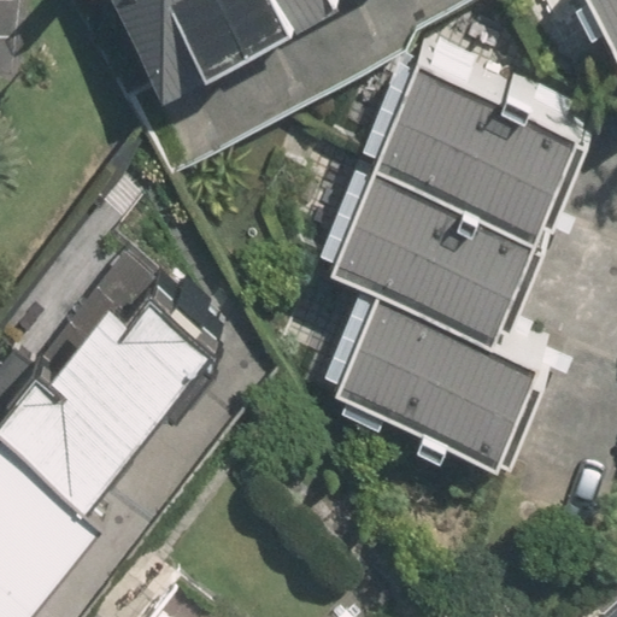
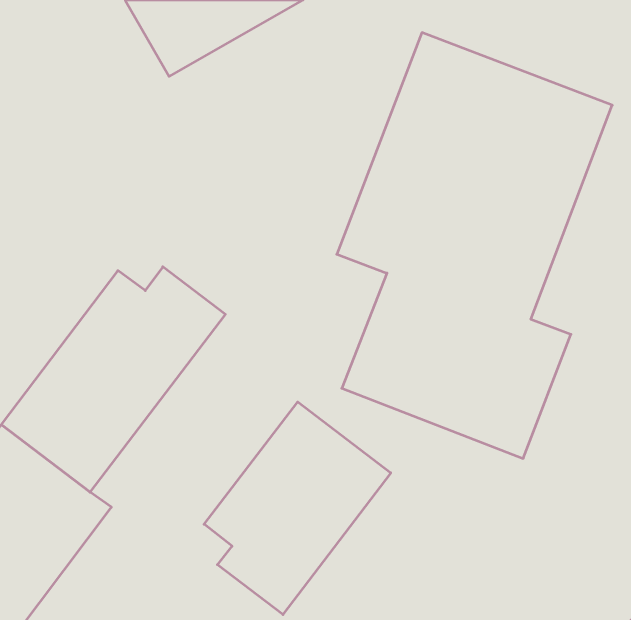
building: none -> [204,402,391,615]

